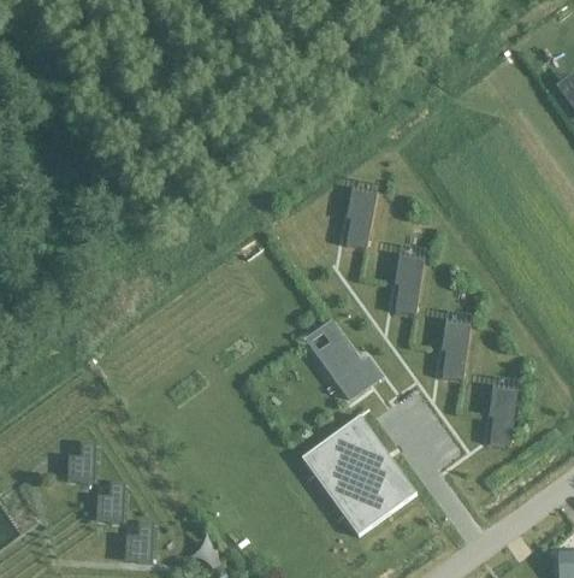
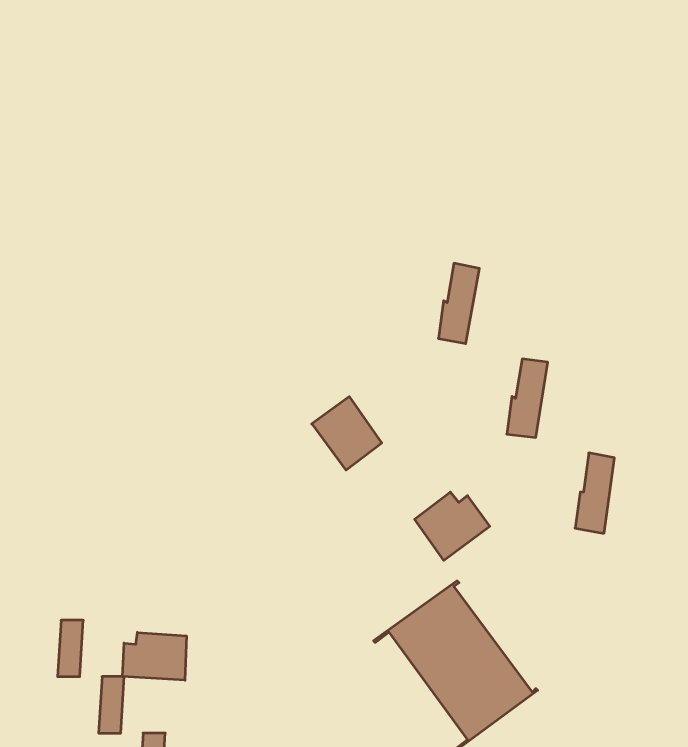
building: [303,319,353,371] -> [312,397,382,470]
building: [486,389,514,444] -> none
building: none -> [123,632,186,680]

